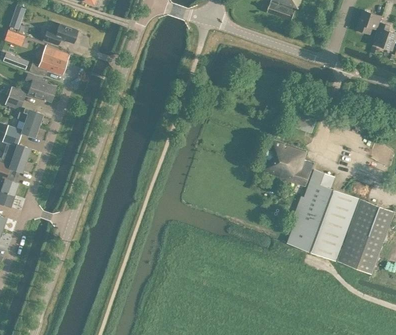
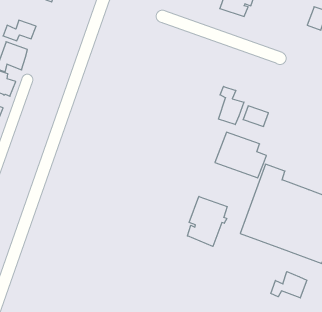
building: none -> [219,86,244,125]
building: none -> [187,196,227,246]
building: none -> [271,272,307,298]

